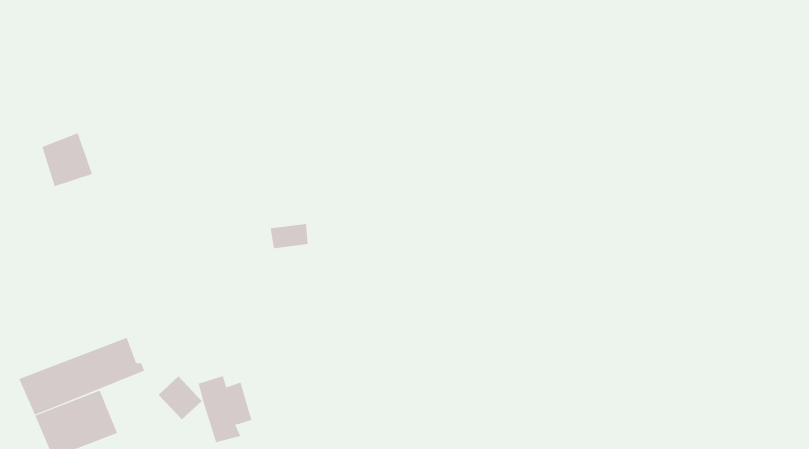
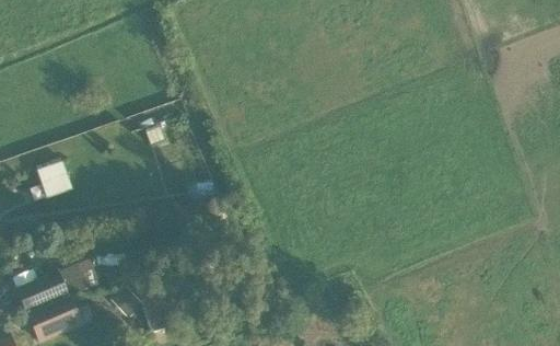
building: [41,133,93,187] -> [37,160,72,197]

